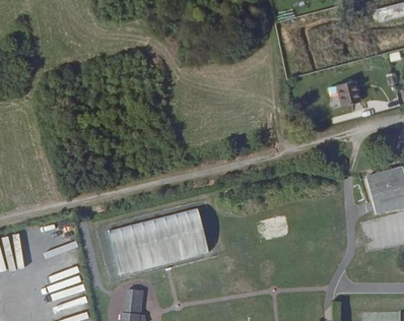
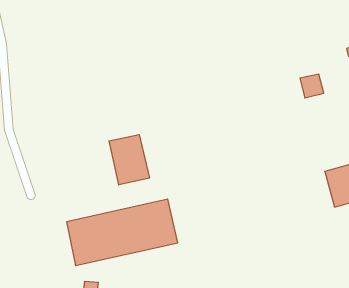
building: none -> [109,135,150,185]

